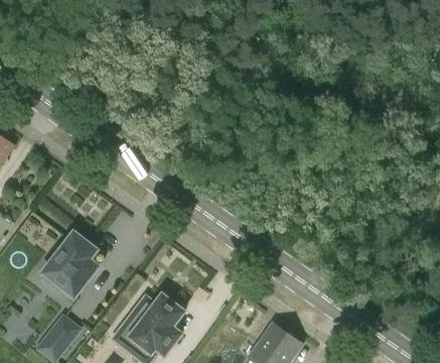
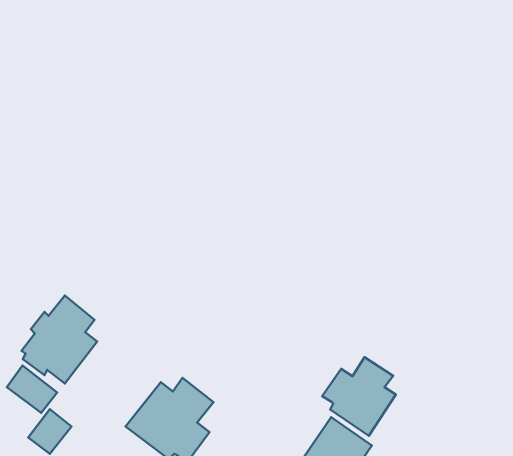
building: none -> [322,357,396,436]
building: none -> [7,365,57,413]

